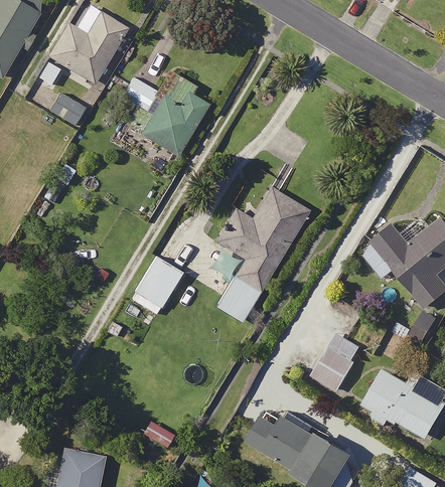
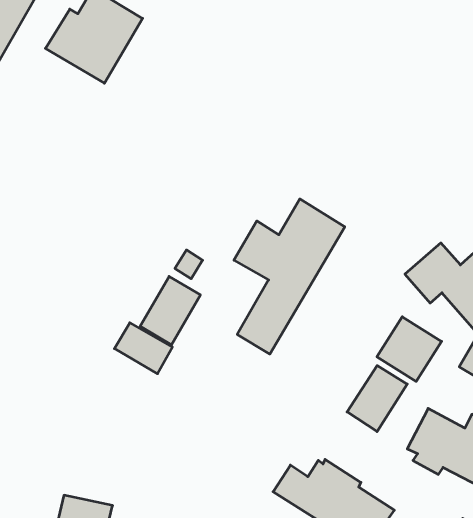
building: [120,72,211,156] -> none
building: [29,80,85,126] -> none
building: none -> [377,317,442,381]
building: none -> [114,323,172,374]

